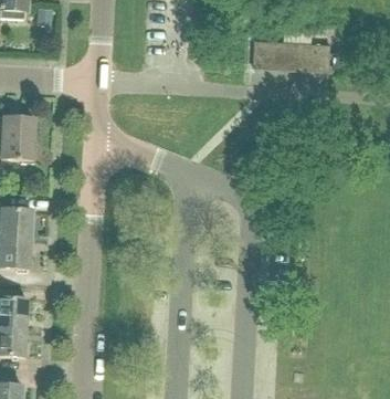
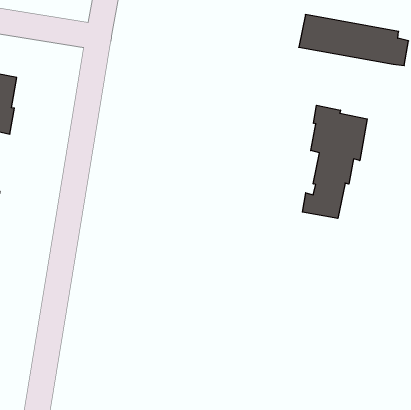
building: none -> [302,105,367,218]

